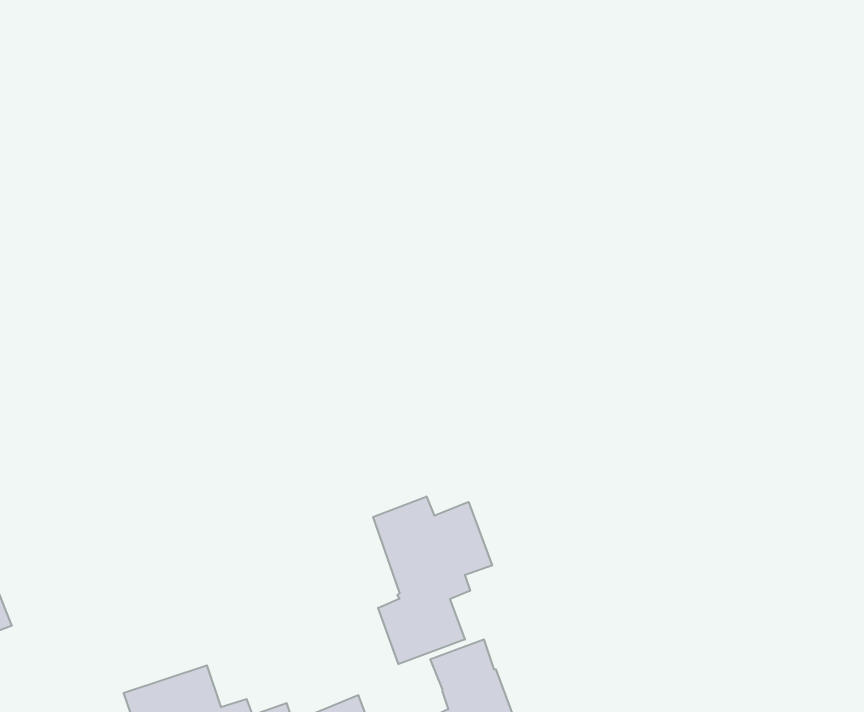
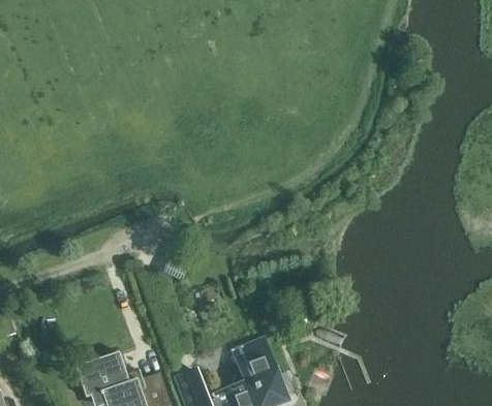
building: [373,496,492,664] -> none

